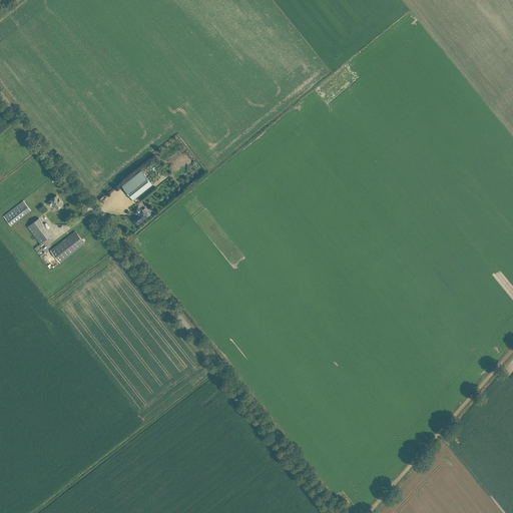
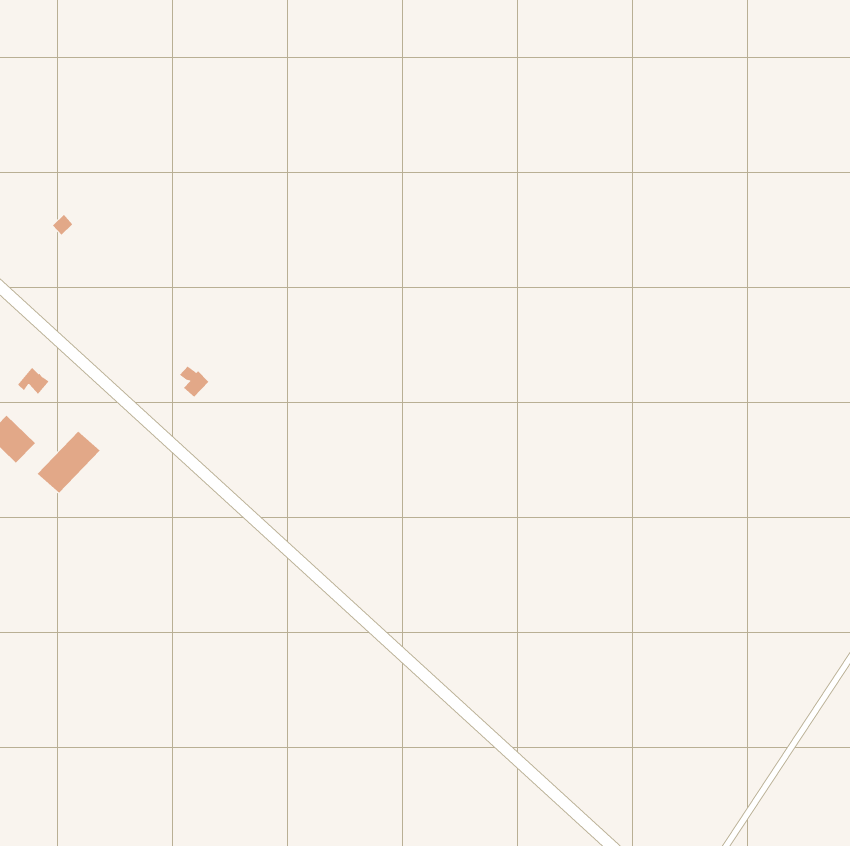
building: [121,169,151,199] -> none

